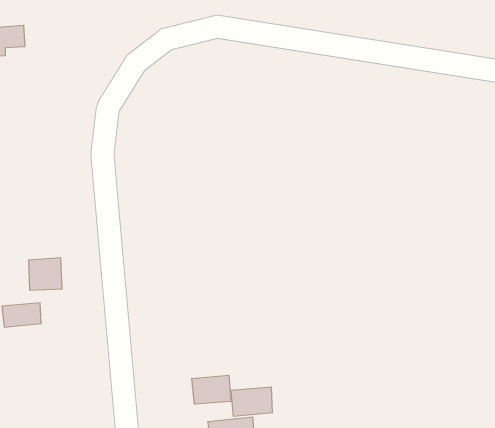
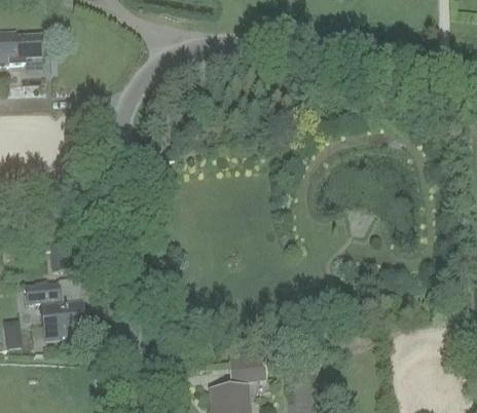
building: none -> [44,301,87,340]
building: [192,375,231,404] -> none

